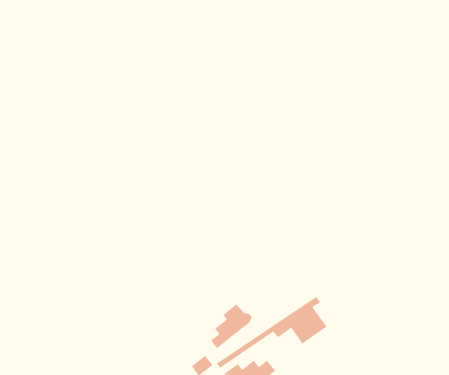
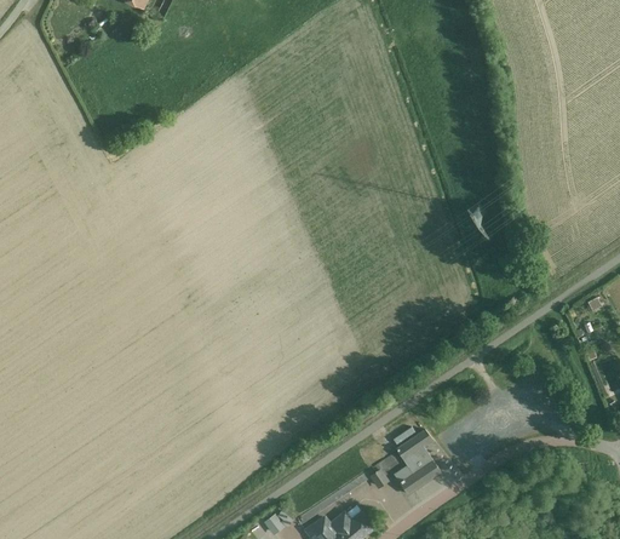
building: [210,303,253,349] -> none

